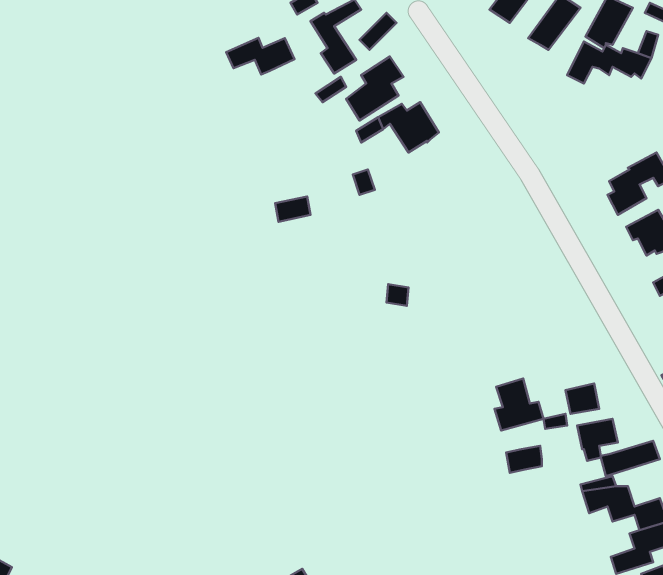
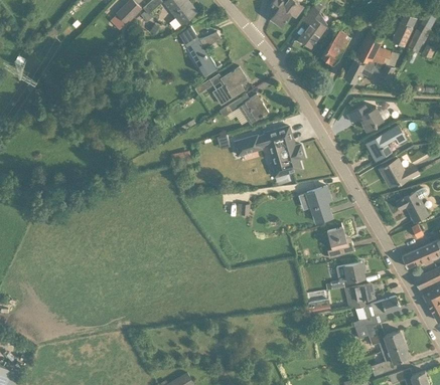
building: [226,38,294,75] -> none
building: none -> [345,105,383,132]
building: none -> [233,127,303,175]
building: none -> [304,186,331,223]
building: [495,378,543,431] -> [324,227,353,258]

